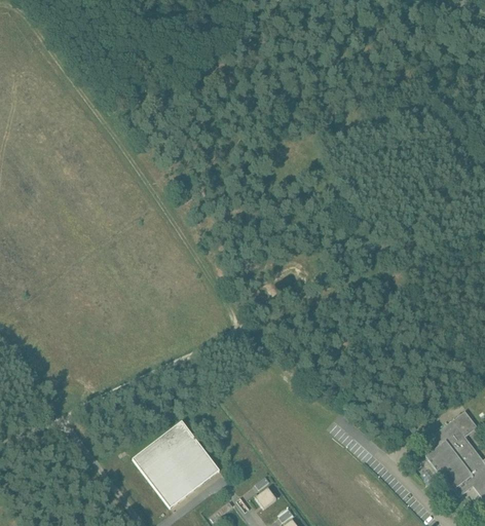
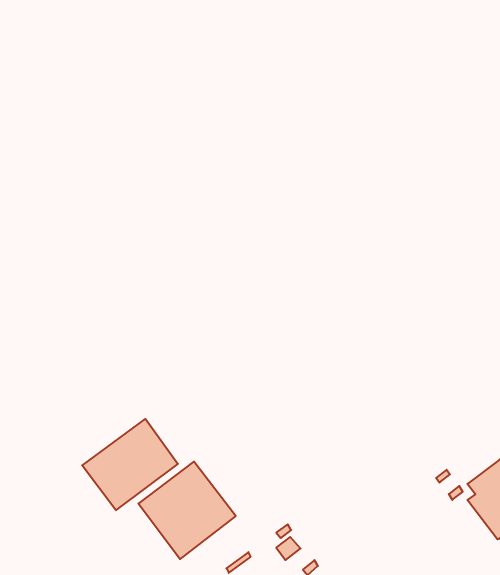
building: none -> [82,419,178,510]

